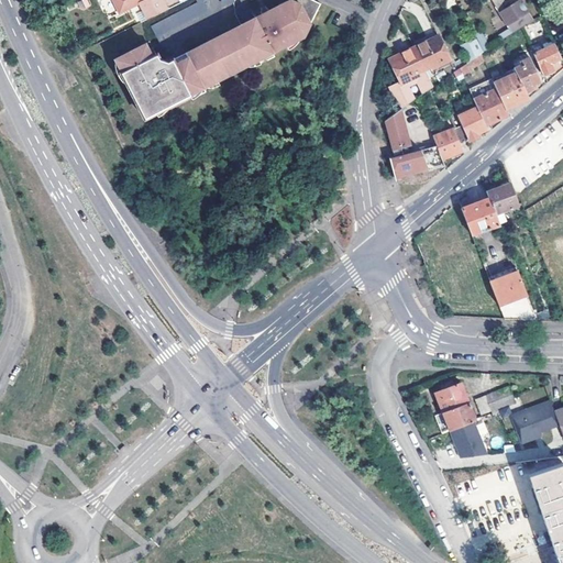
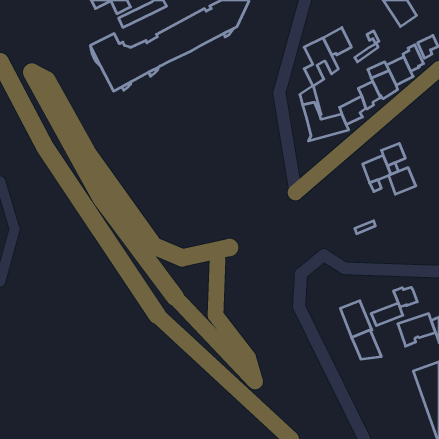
building: [493,272,528,306] -> [388,168,416,194]
building: none -> [394,287,417,307]

